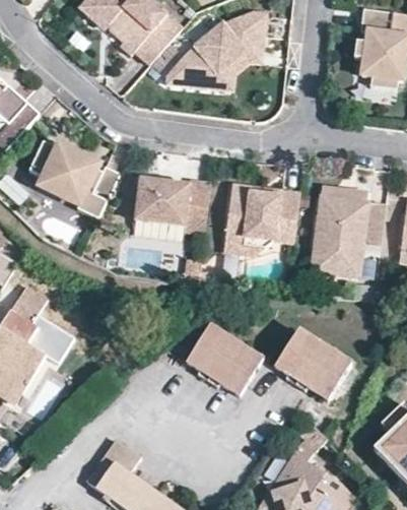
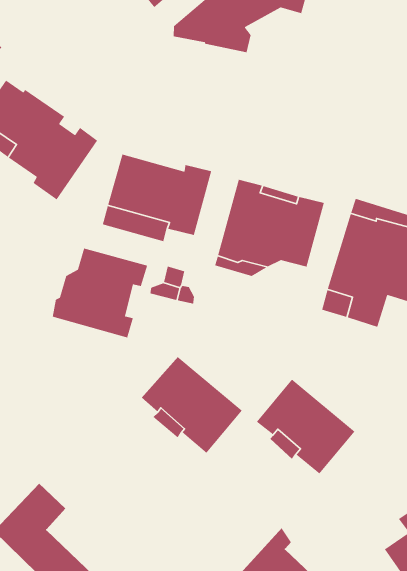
building: none -> [52,247,148,338]

